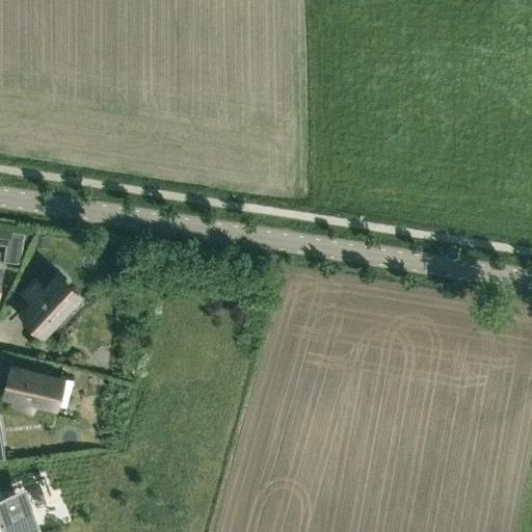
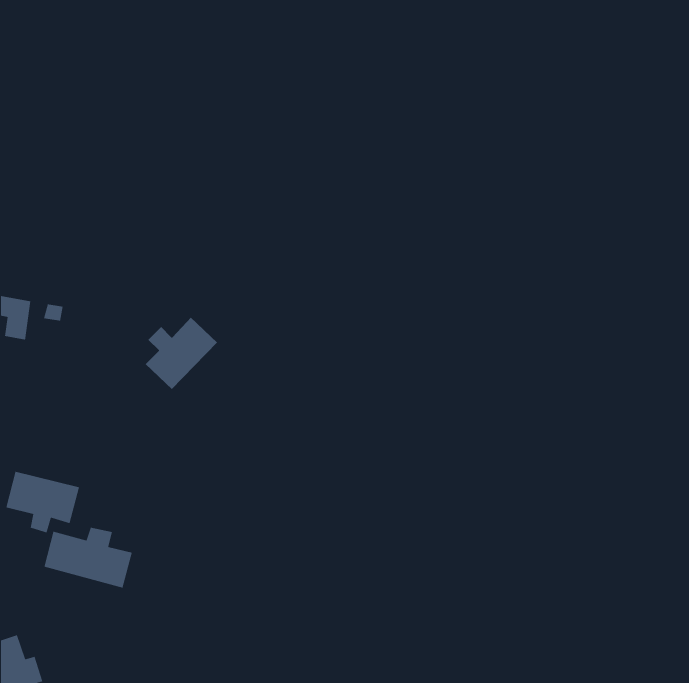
building: [23,276,79,332] -> [145,317,218,390]
building: none -> [44,527,132,588]

